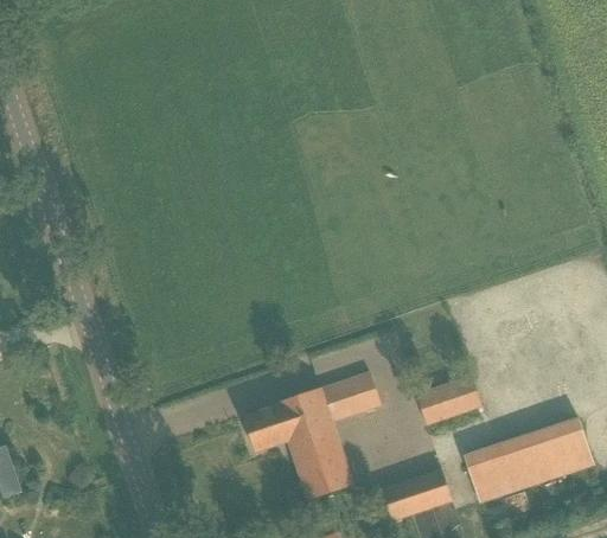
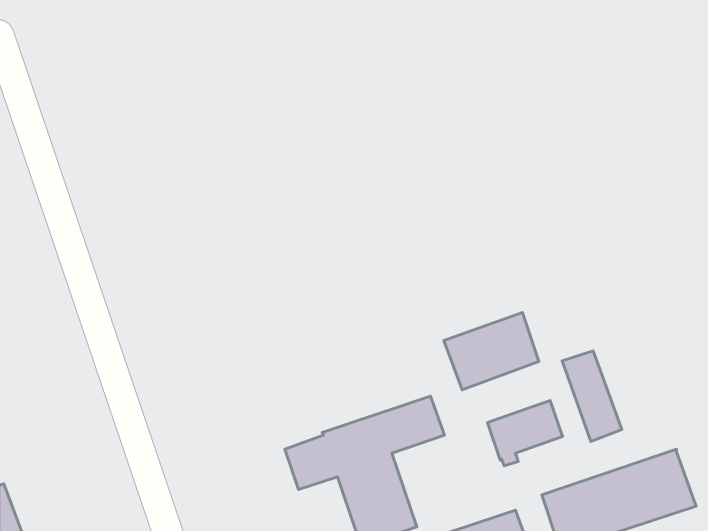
building: none -> [444,312,539,390]
building: none -> [562,351,622,442]

